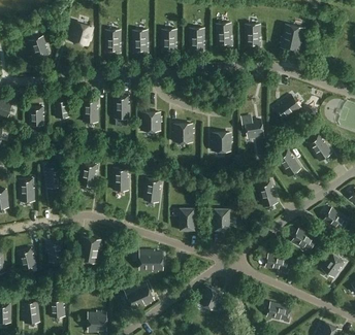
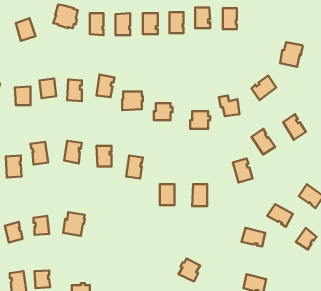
building: [280,25,303,51] -> [280,42,303,67]
building: [139,250,162,270] -> none
building: [126,283,154,308] -> none

